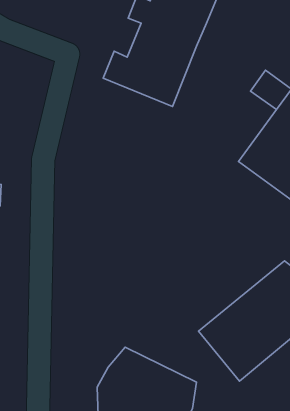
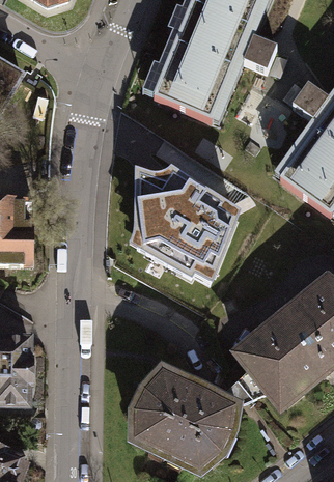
building: none -> [235,32,276,68]
building: none -> [136,141,241,291]

